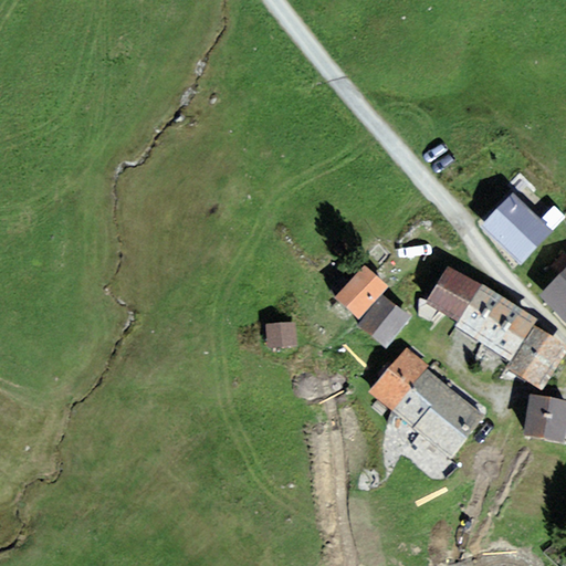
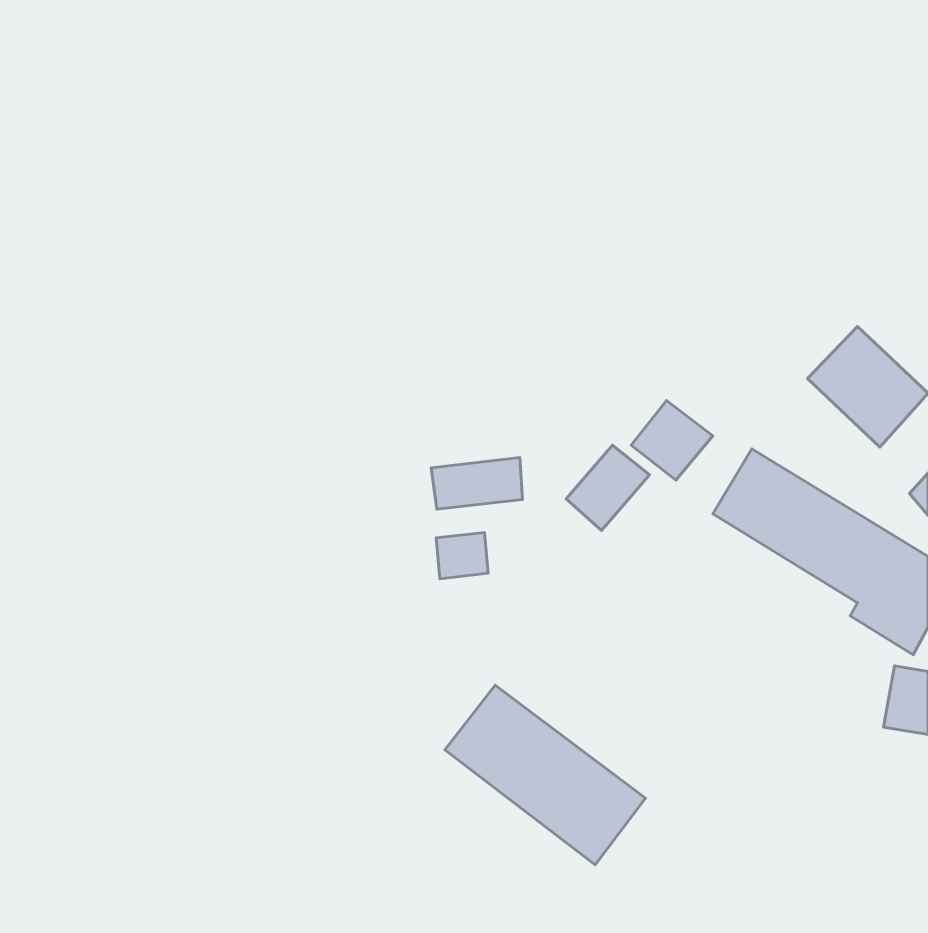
building: none -> [431,458,522,509]
building: [359,294,408,342] -> [631,401,713,480]
building: [366,348,485,455] -> [445,685,645,865]

